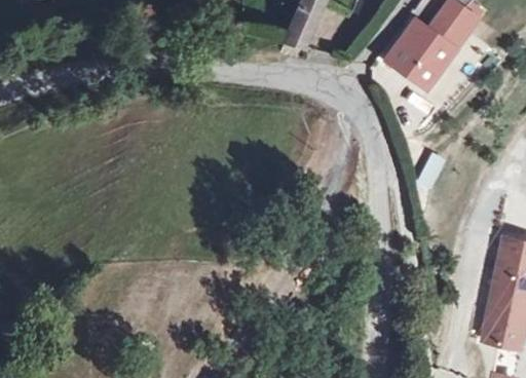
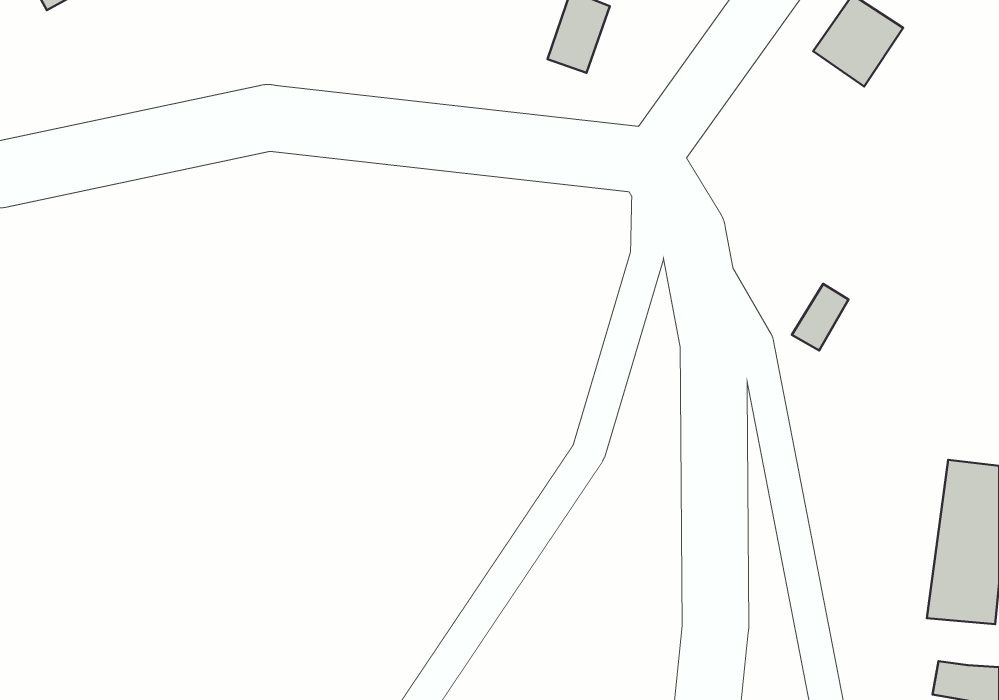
building: [386,22,454,89] -> none

